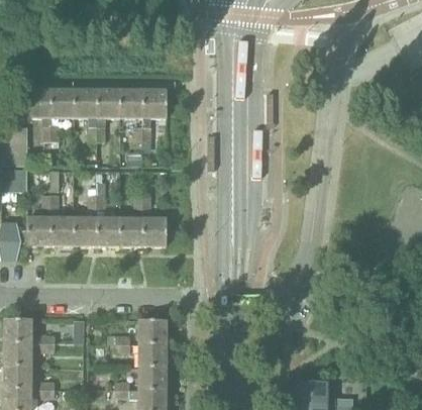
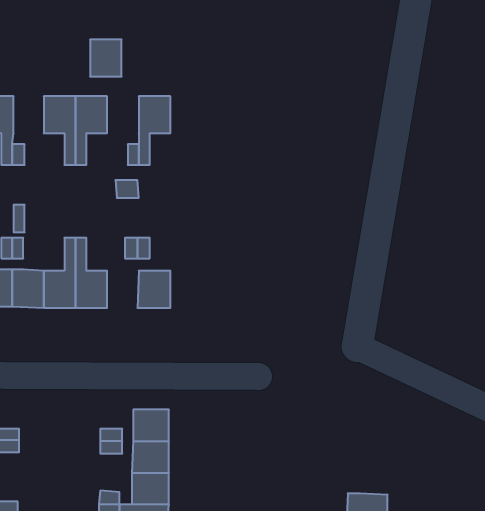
building: [51,90,74,117] -> none
building: [120,90,143,117] -> [90,40,122,77]
building: [120,218,143,245] -> none

